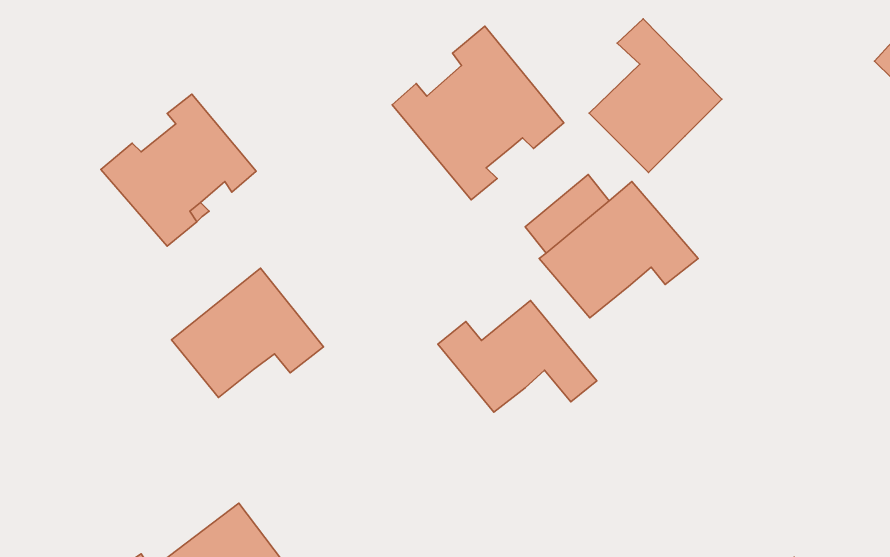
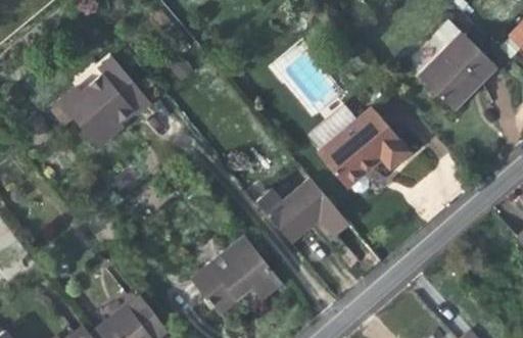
building: [589,19,722,173] -> [419,19,496,109]
building: [392,26,564,200] -> none
building: [171,268,323,397] -> [191,235,280,310]

